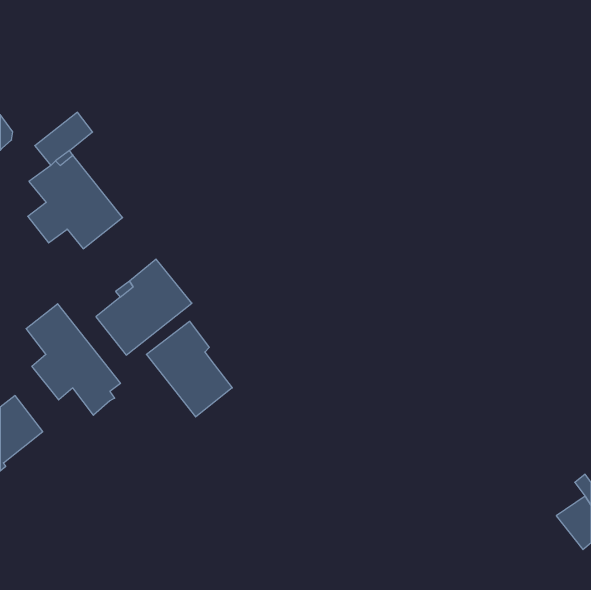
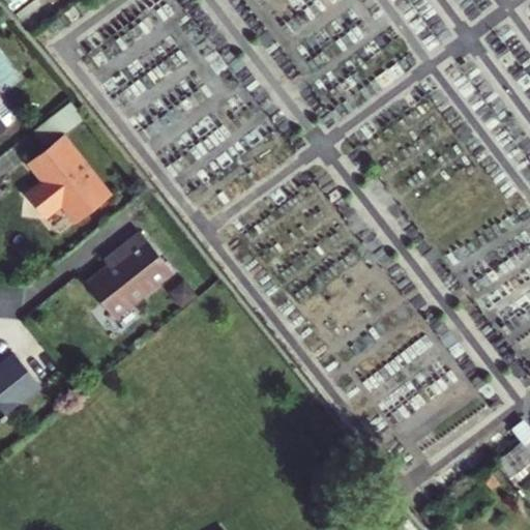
building: [26,304,120,415] -> none
building: [146,321,232,417] -> none

